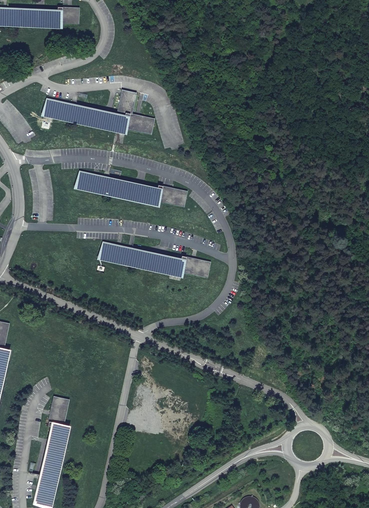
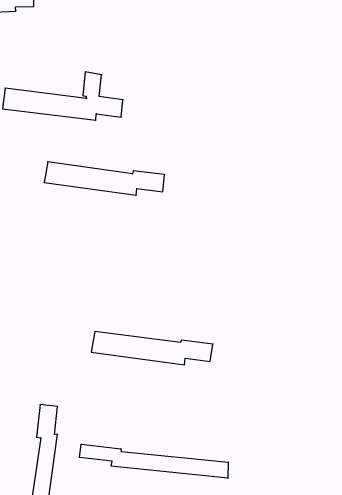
building: [98,241,212,279] -> [91,331,213,365]
building: none -> [79,444,228,478]

